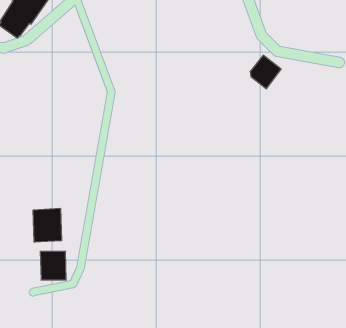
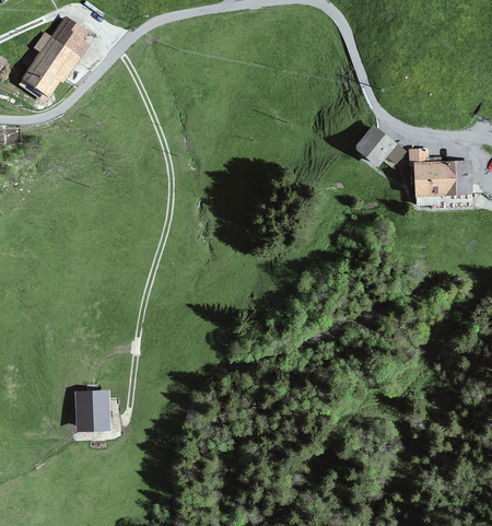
building: none -> [406,149,469,195]
building: [33,208,61,242] -> none

